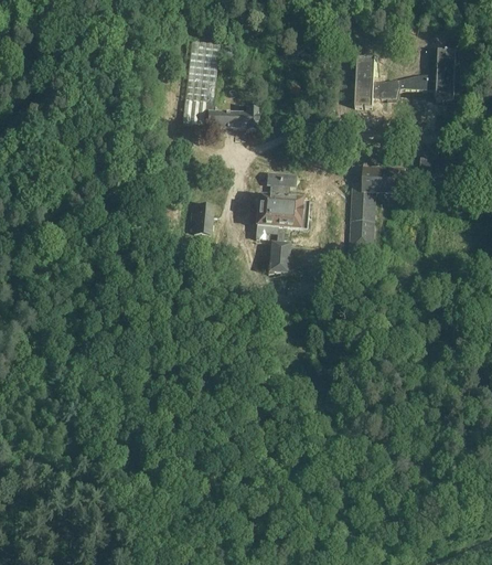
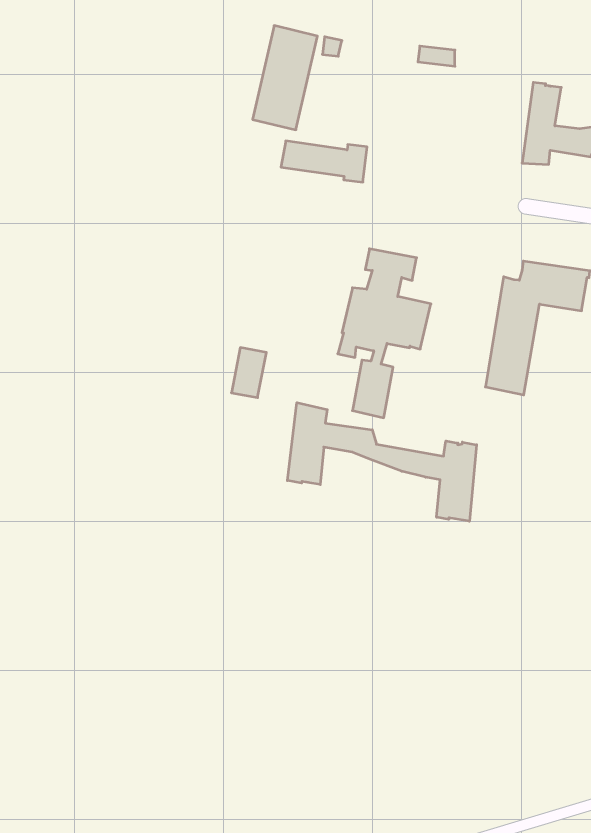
building: [194,203,213,233] -> [231,348,266,398]
building: none -> [287,403,477,521]

